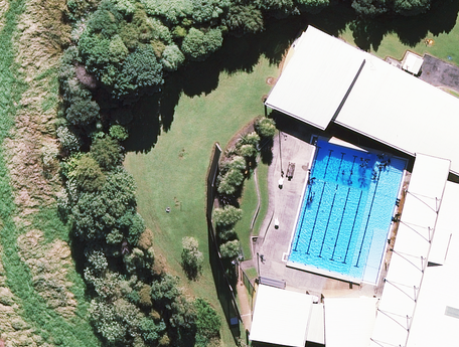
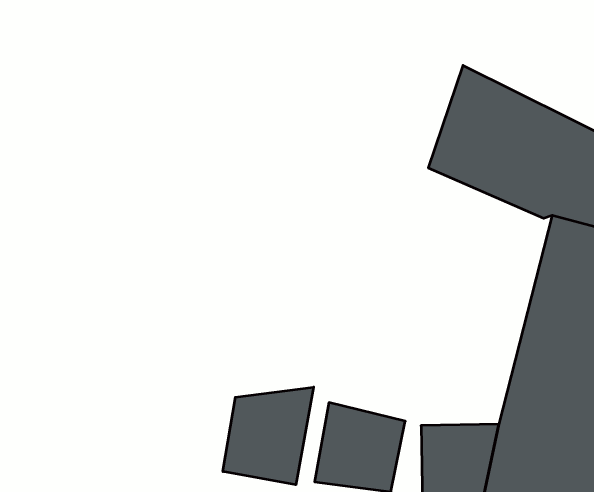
building: [267,24,354,130] -> none
building: none -> [223,387,314,485]

